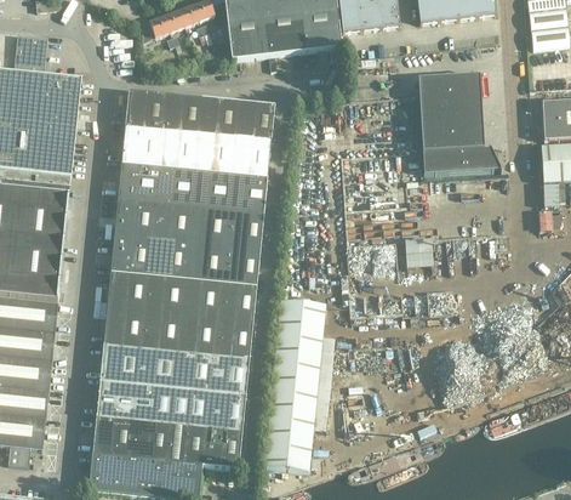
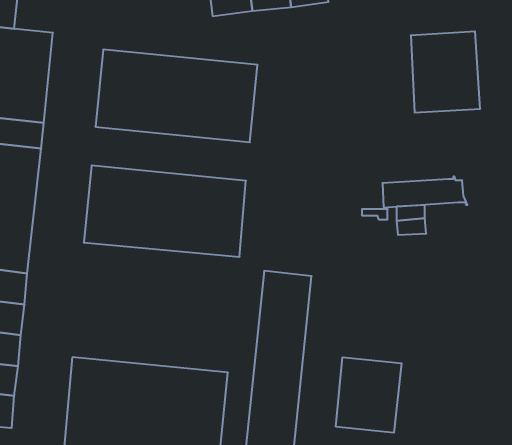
building: [422,143,502,172] -> [382,177,467,207]
building: [118,163,267,214] -> none
building: [99,272,257,394] -> none
building: none -> [336,357,402,433]

